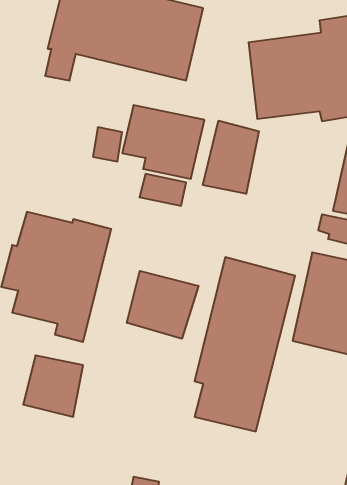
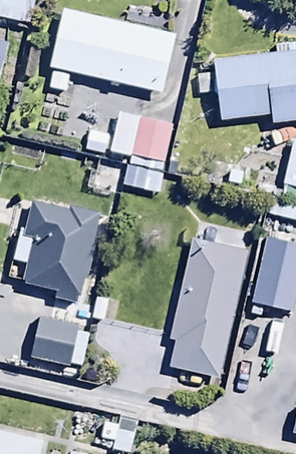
building: [203,121,259,194] -> none
building: [127,271,198,339] -> none

